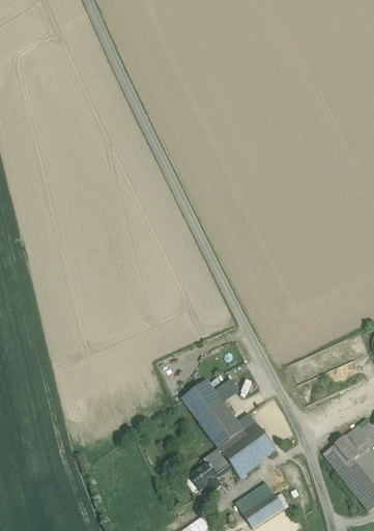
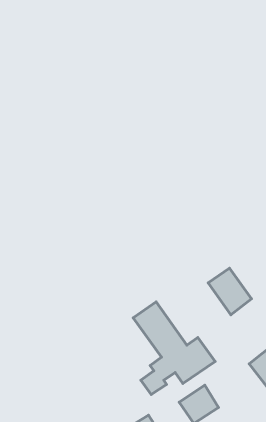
building: none -> [208,268,251,315]

